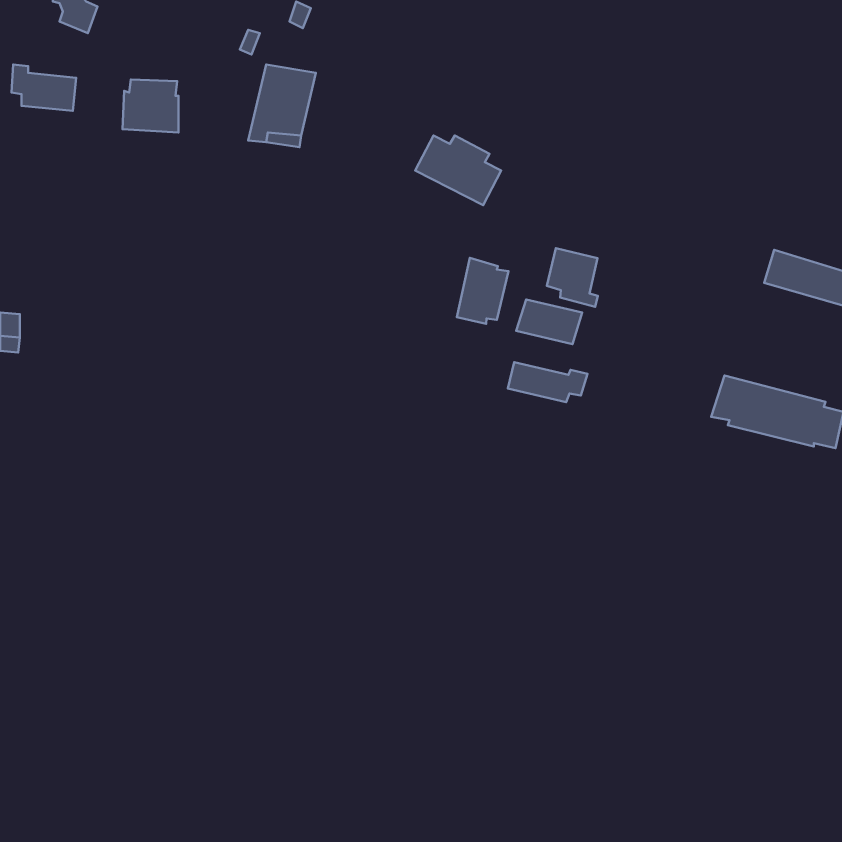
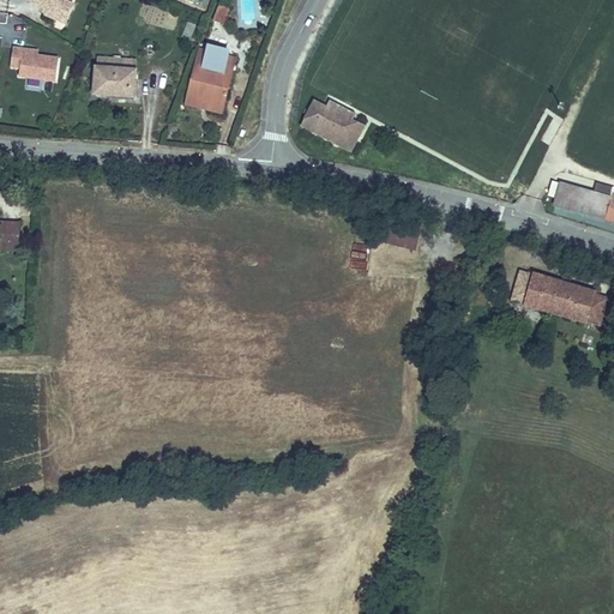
building: [547,248,598,307] -> none
building: [457,258,509,324] -> none
building: [508,362,587,402] -> none

